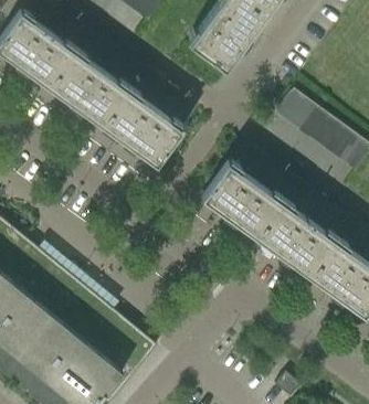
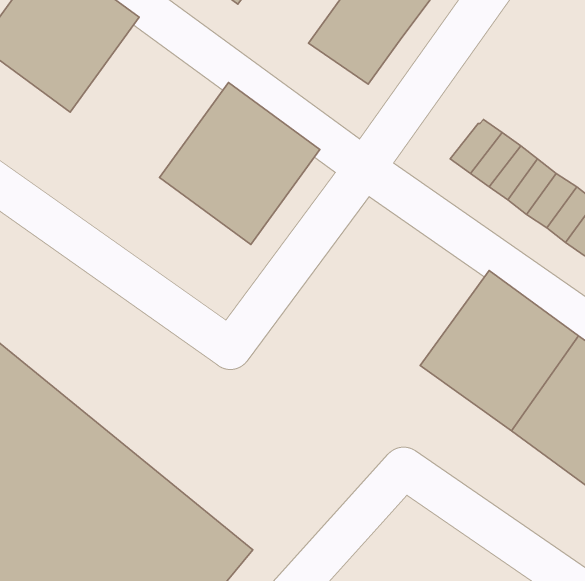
building: [48,34,141,129] -> none
building: [201,145,296,241] -> none

